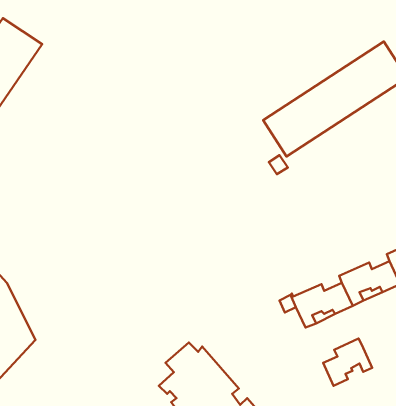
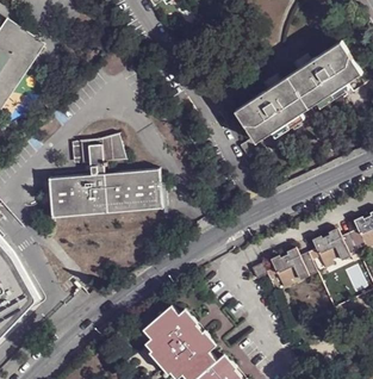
building: none -> [49,132,161,217]
building: [323,339,372,386] -> none

